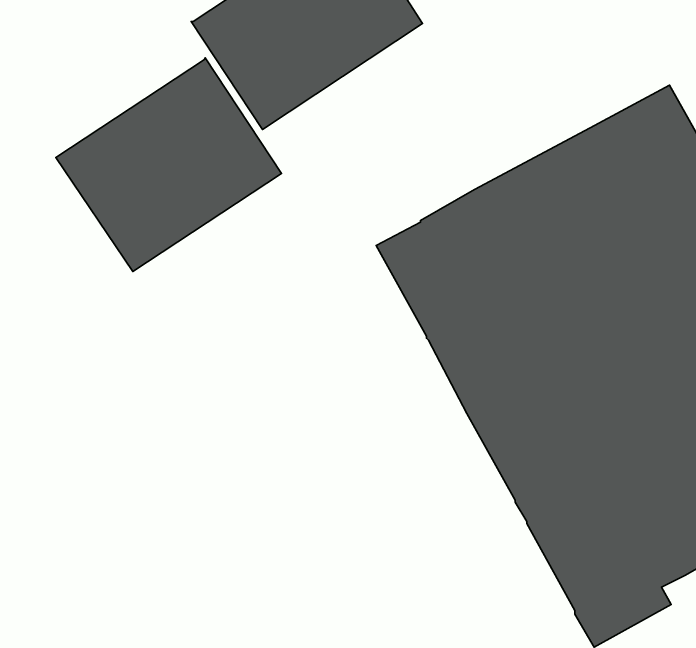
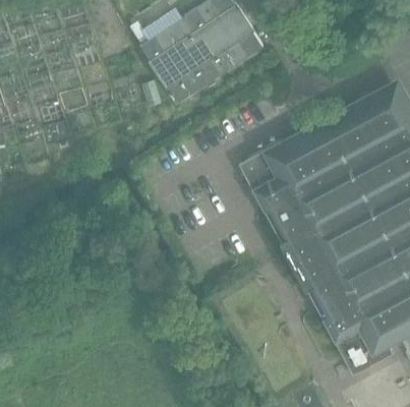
building: [56,58,281,272] -> none

